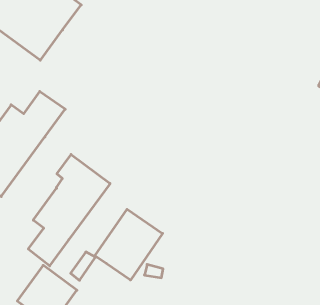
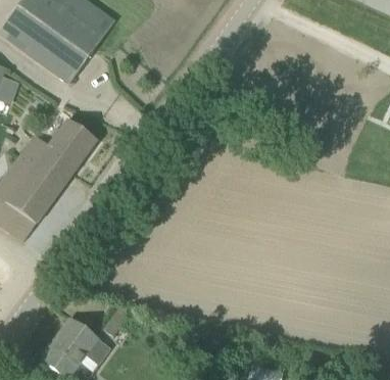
building: [28,154,110,266] -> none
building: [95,209,163,280] -> none

